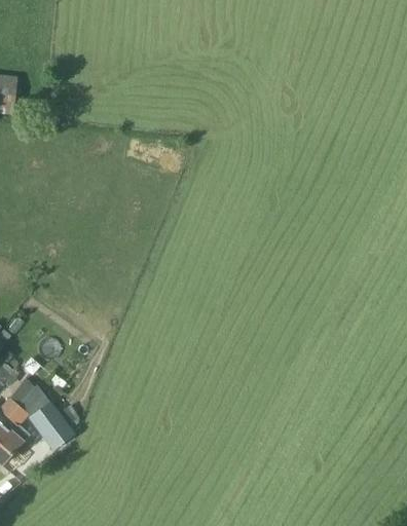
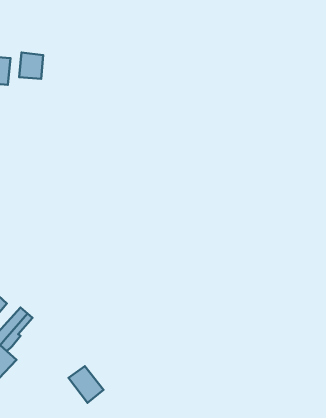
building: none -> [19,53,43,79]
building: [32,404,74,448] -> [69,366,104,403]

